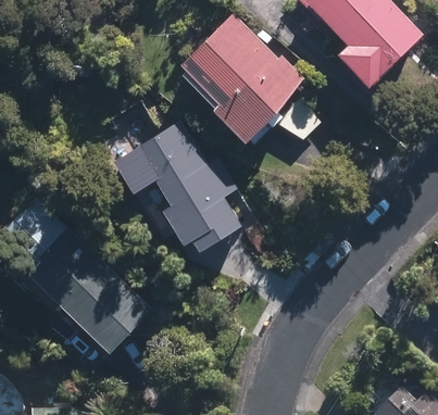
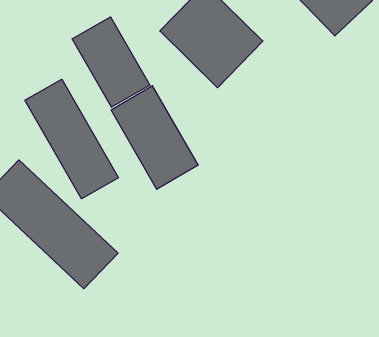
building: none -> [72,17,150,107]
building: none -> [25,79,119,199]

